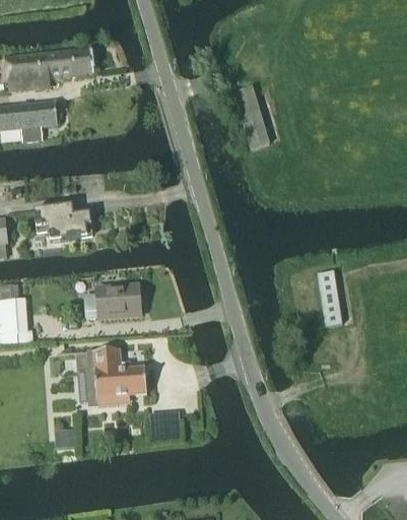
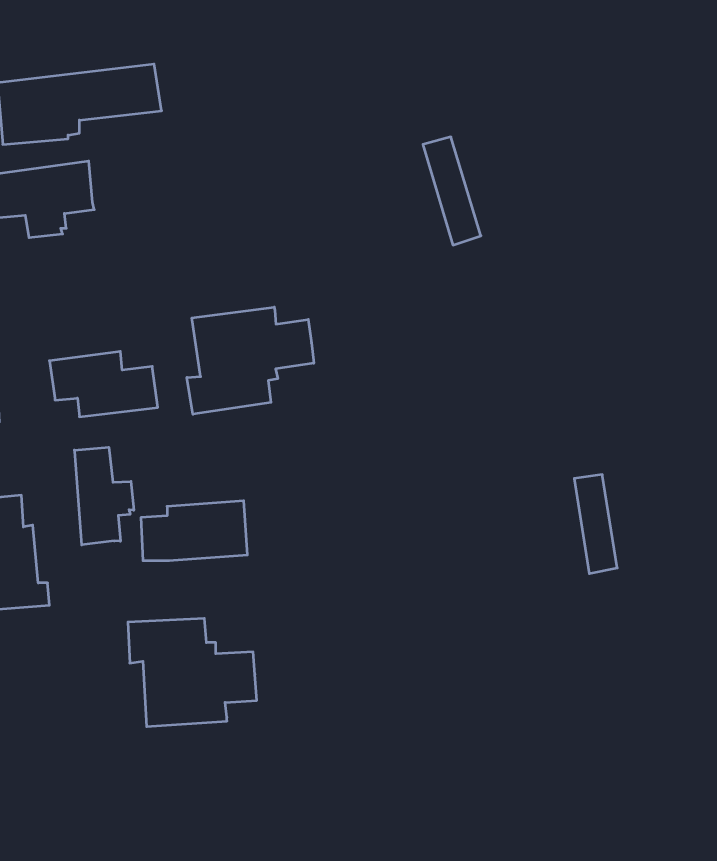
building: none -> [187,307,314,414]
building: none -> [74,447,134,545]

